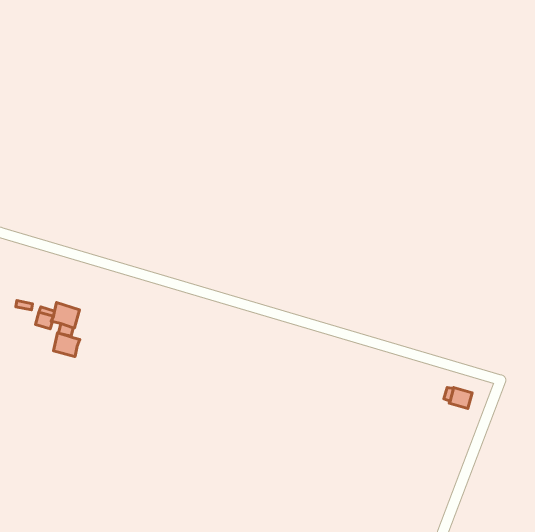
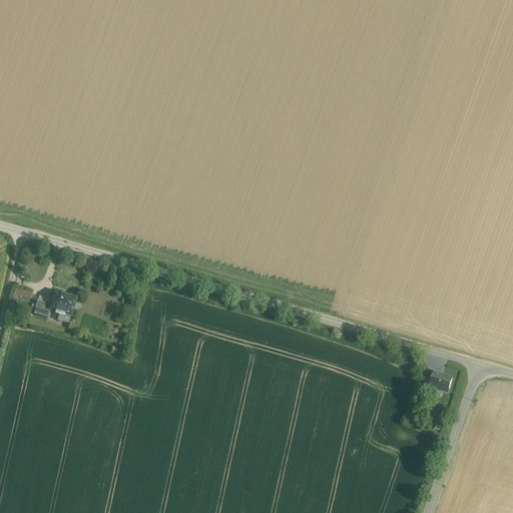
building: [53,333,80,357] -> none

